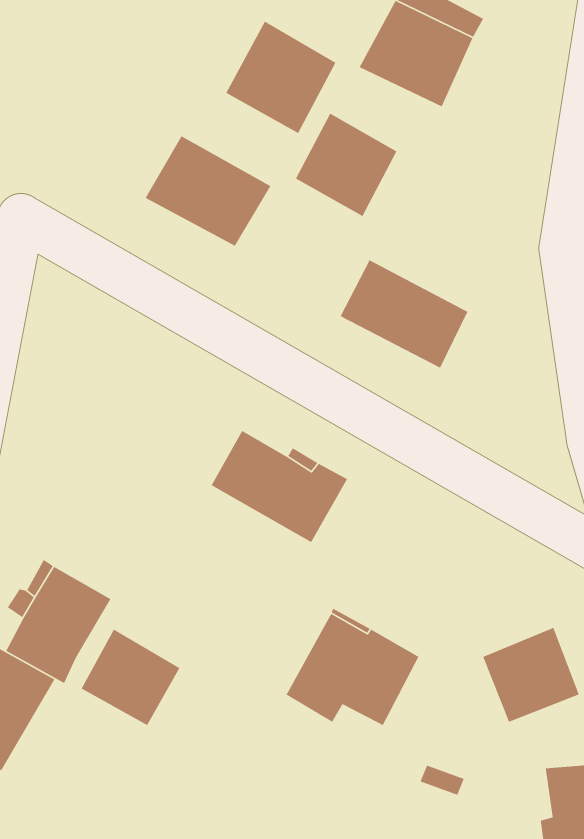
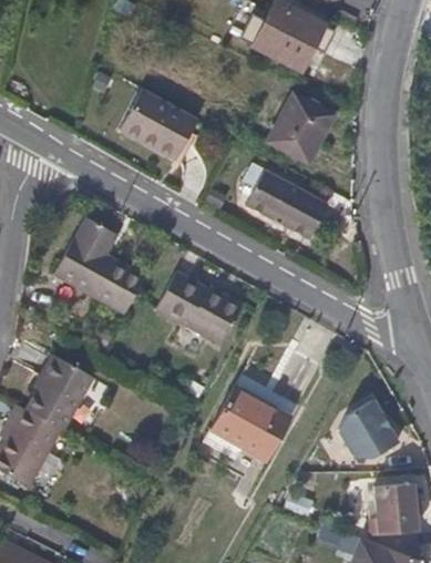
building: [225,20,337,134] -> none
building: [295,113,398,217] -> [270,93,336,160]
building: none -> [51,221,146,316]
building: [81,629,180,726] -> none

